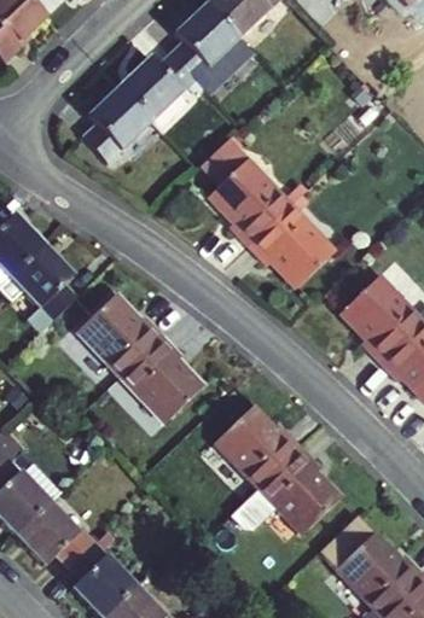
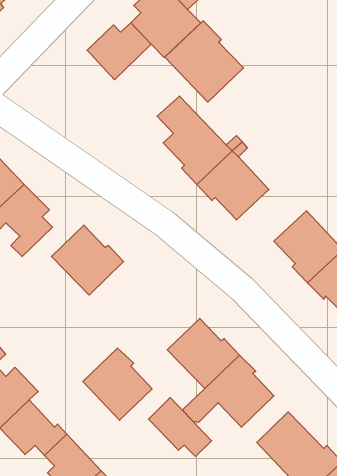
building: none -> [165,21,244,102]
building: [82,87,151,163] -> none
building: [121,338,203,424] -> [83,348,152,420]
building: none -> [148,397,212,456]

